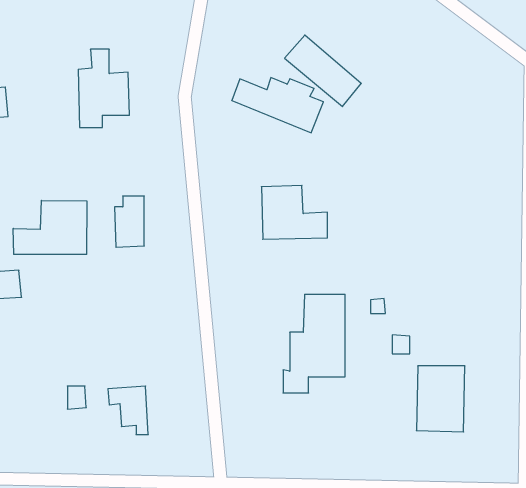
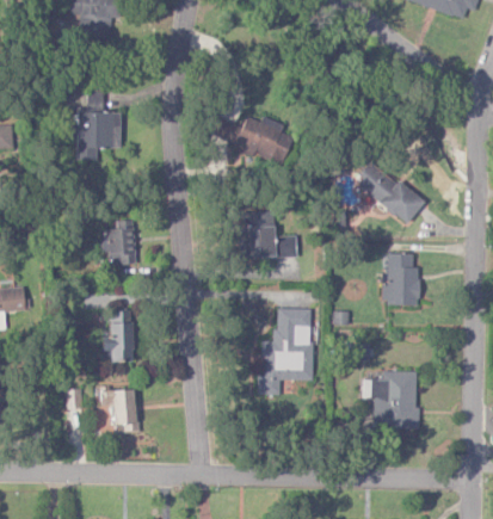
building: [285,35,361,107] -> [355,161,423,224]
building: [13,200,87,254] -> none
building: none -> [383,253,419,305]
building: none -> [101,311,133,363]

